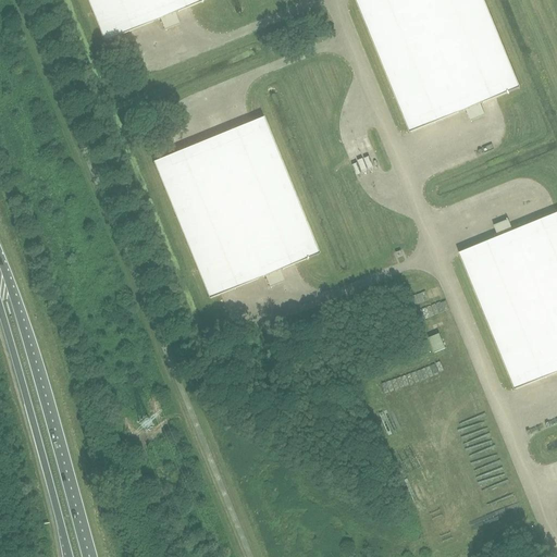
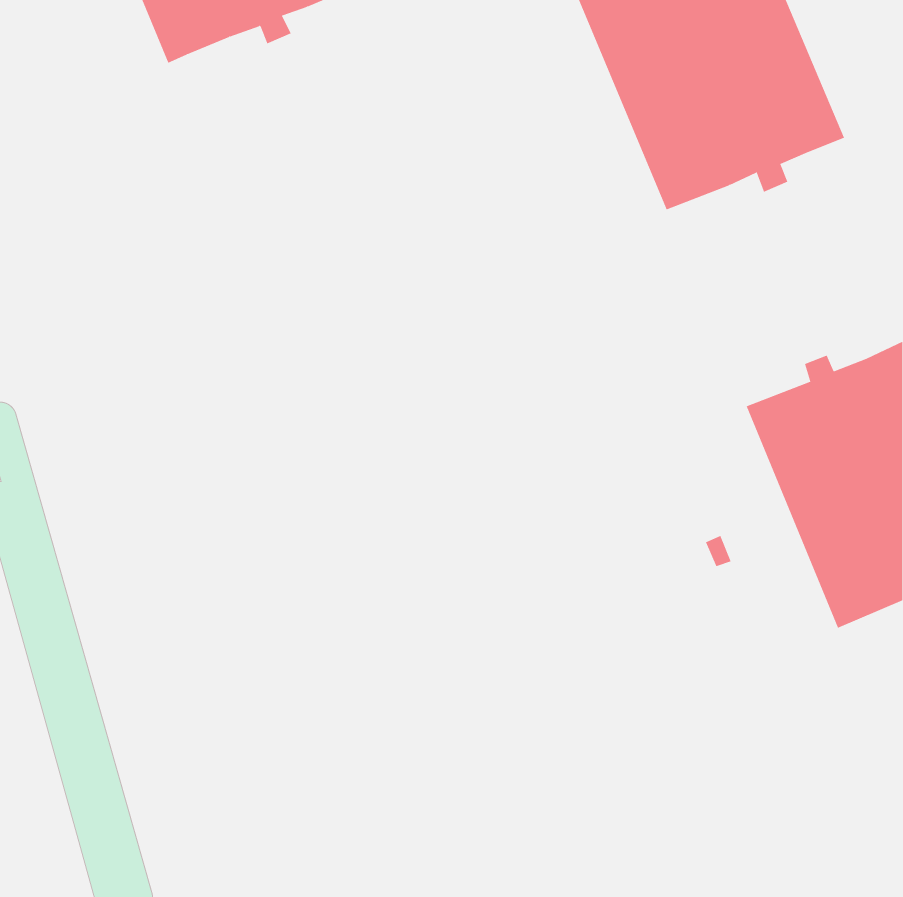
building: [153,114,319,296] -> none

